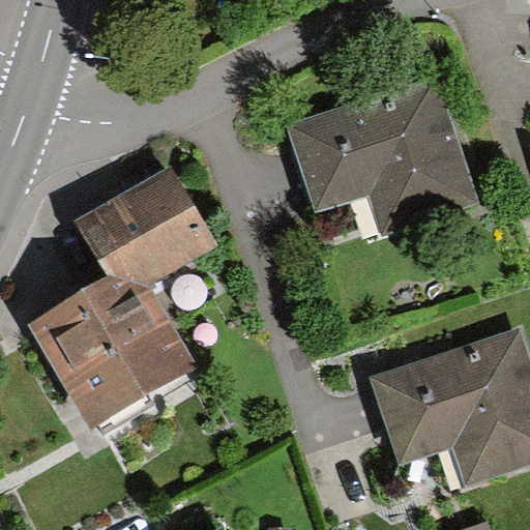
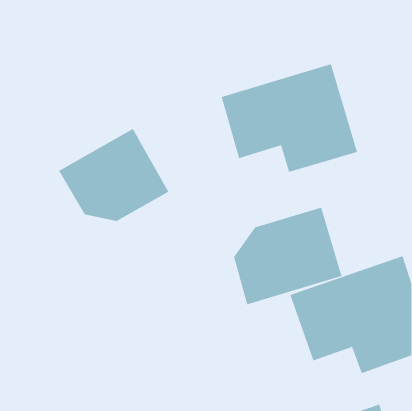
building: none -> [233,207,342,305]
building: [28,276,196,430] -> none

